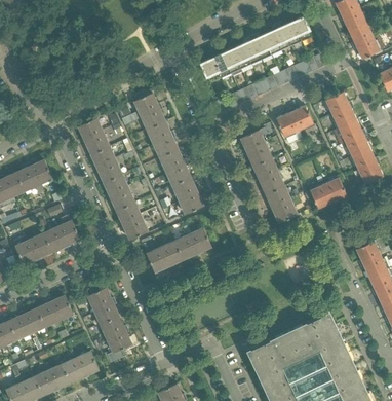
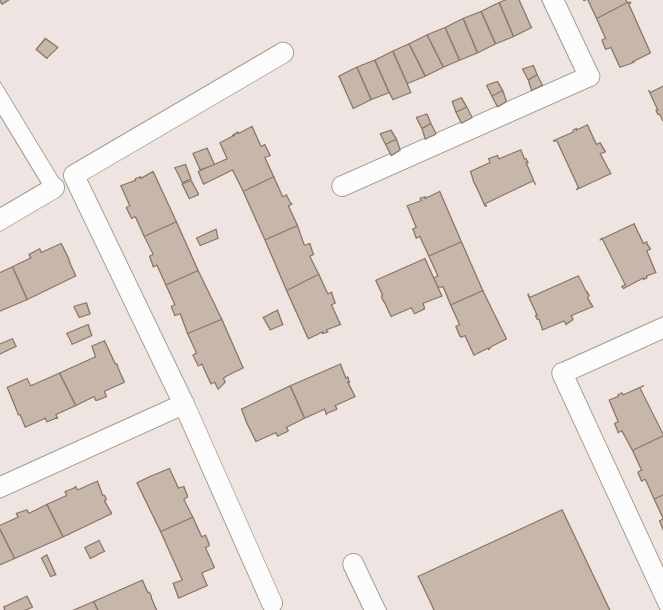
building: [337,119,369,157] -> none
building: none -> [376,258,442,317]

